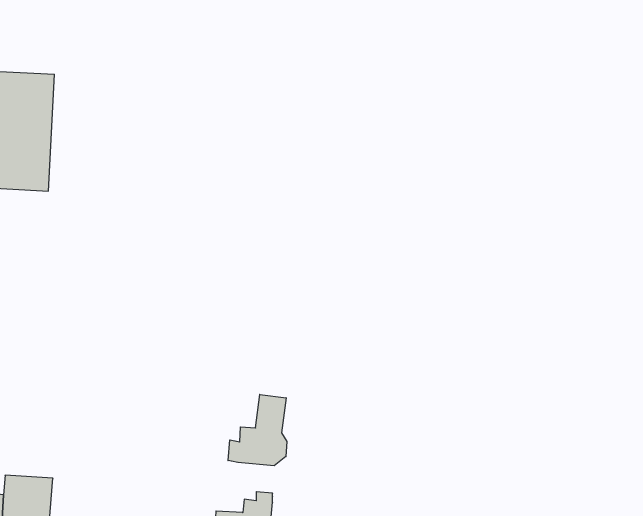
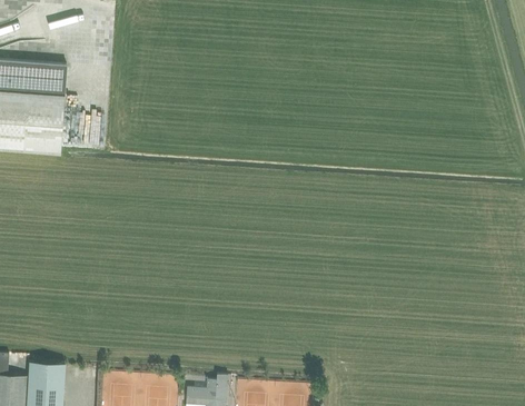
building: [228,394,287,466] -> none

